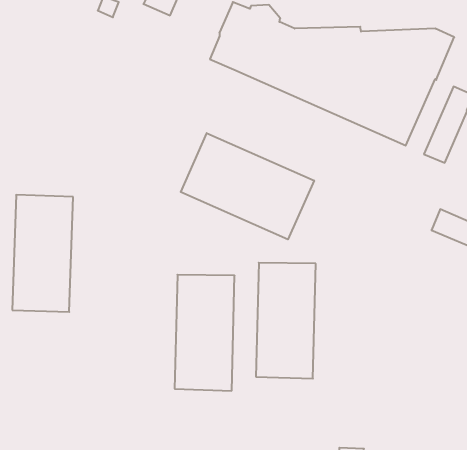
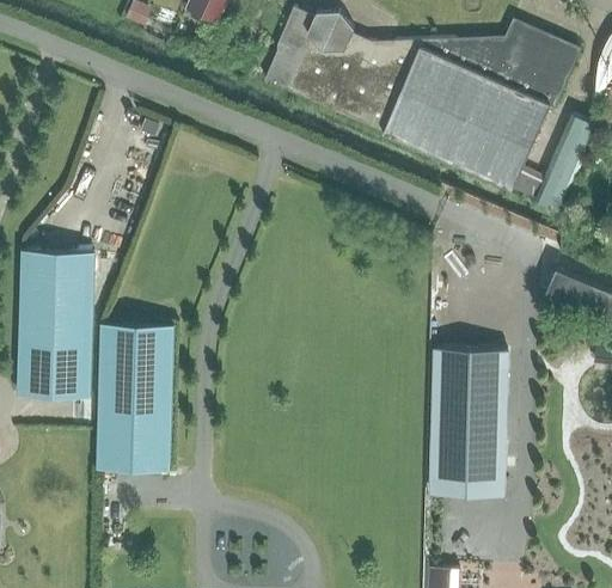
building: [181,133,314,239] -> none
building: [256,263,316,379] -> [430,349,506,495]
building: [175,275,235,391] -> [97,324,172,470]

